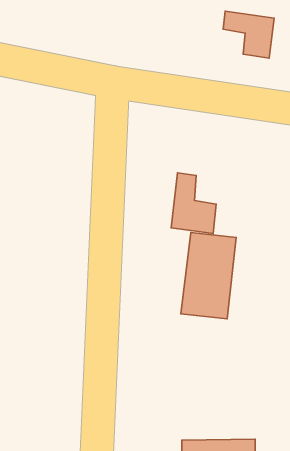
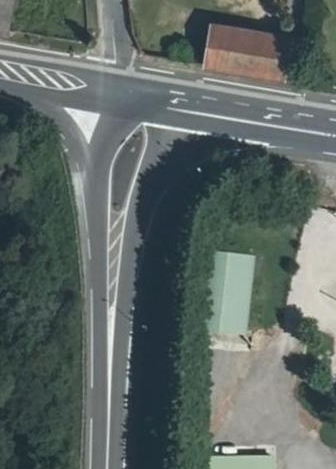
building: none -> [207,23,260,70]
building: [171,173,216,233] -> none

